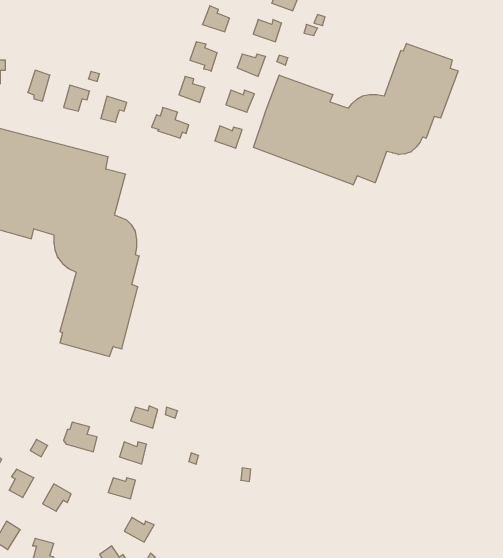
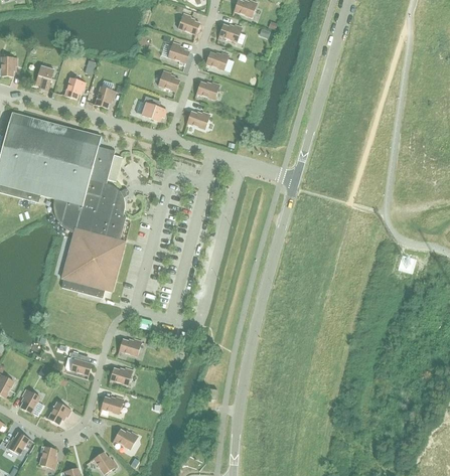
building: [253,43,458,185] -> none

